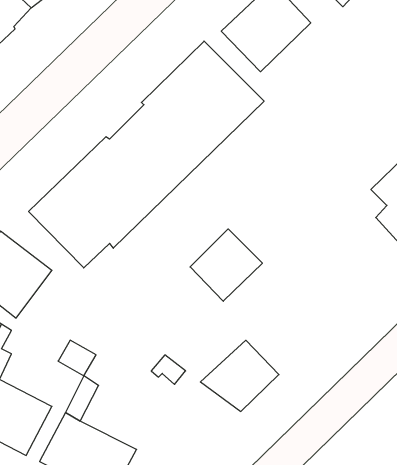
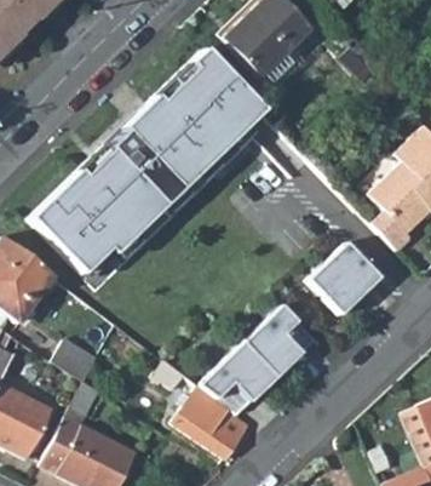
building: [190,229,262,301] -> [245,307,316,378]
building: none -> [310,244,381,315]
building: none -> [172,384,251,454]

